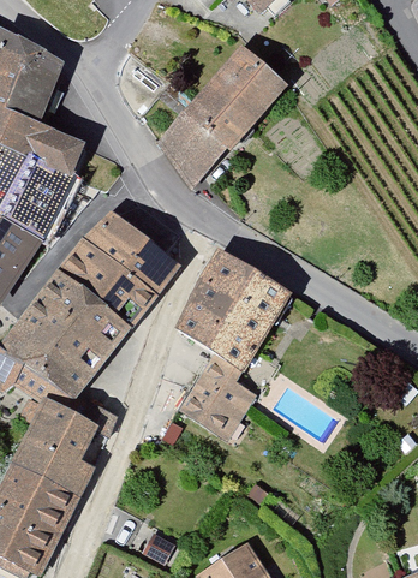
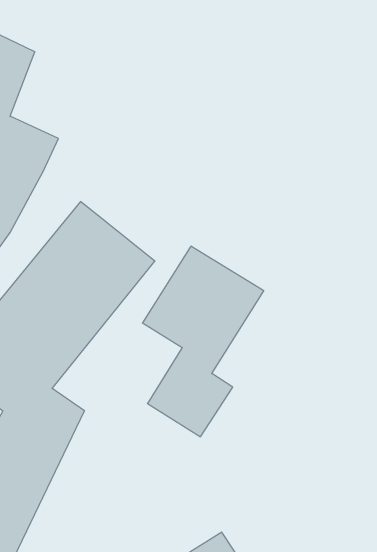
building: [145,36,281,175] -> none

